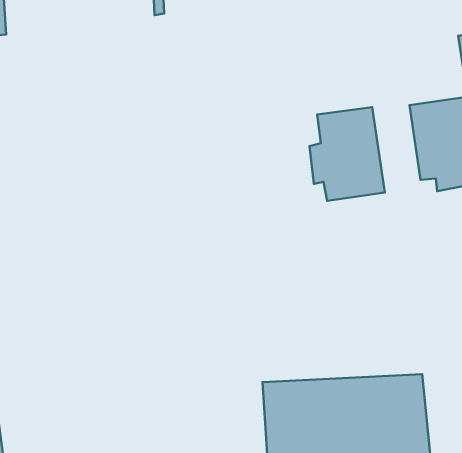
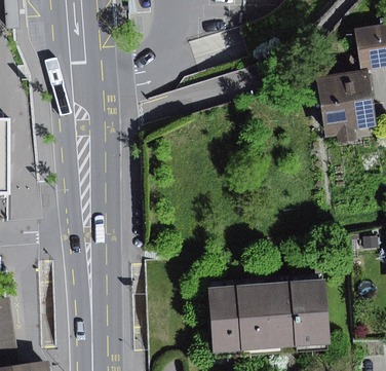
building: [309,107,385,201] -> none

